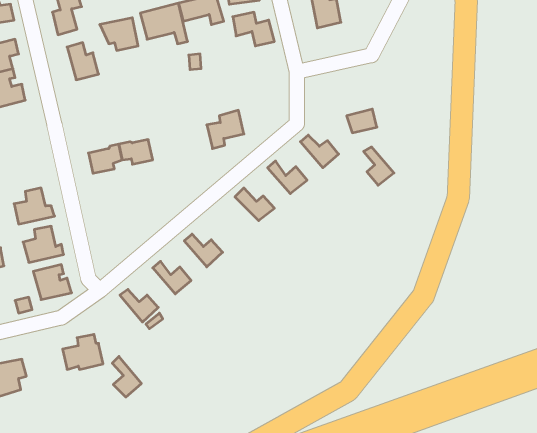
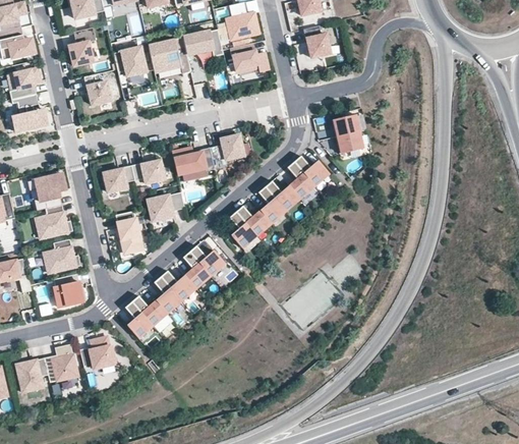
building: none -> [332,116,359,140]
building: none -> [172,148,215,177]
building: [364,147,394,185] -> [287,163,314,198]
building: none -> [27,175,64,209]
building: none -> [258,186,285,223]
building: none -> [149,192,185,221]
building: none -> [115,211,142,253]
building: none -> [230,213,256,248]
building: none -> [182,253,210,288]
building: none -> [154,277,181,313]
building: none -> [43,345,72,382]
building: [112,356,141,397] -> [125,301,152,338]

